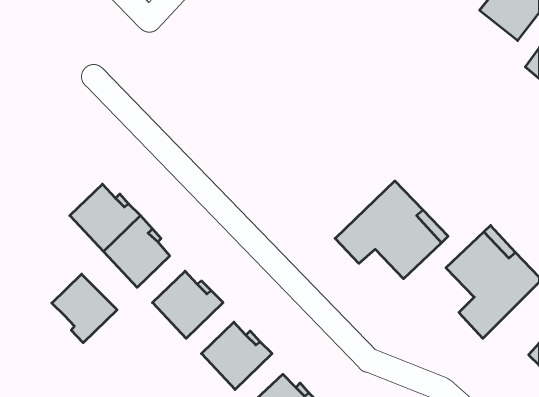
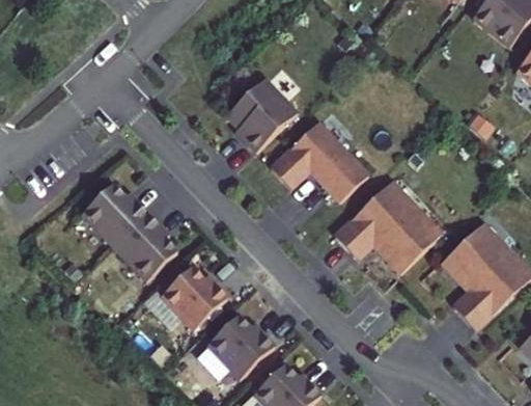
building: none -> [225,78,297,152]
building: none -> [269,120,368,201]
building: [52,274,117,343] -> none

